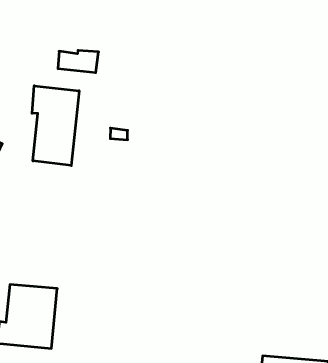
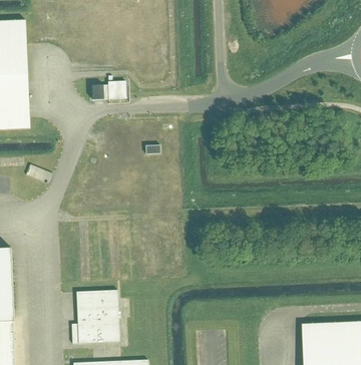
building: [32,86,79,166] -> none

